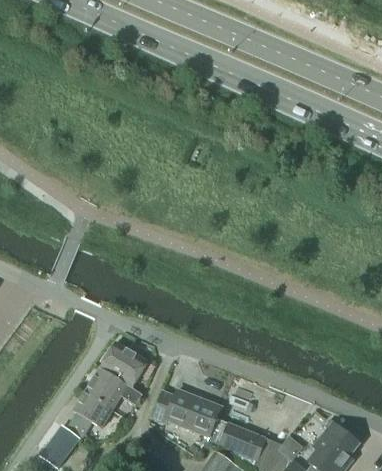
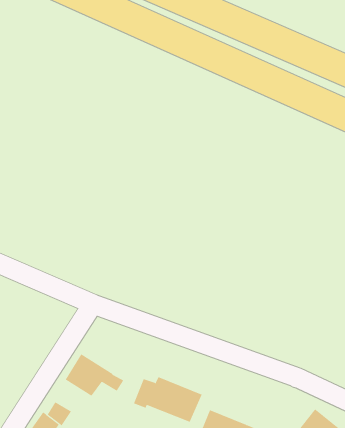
building: [100,342,148,388] -> none
building: [73,393,111,427] -> none

